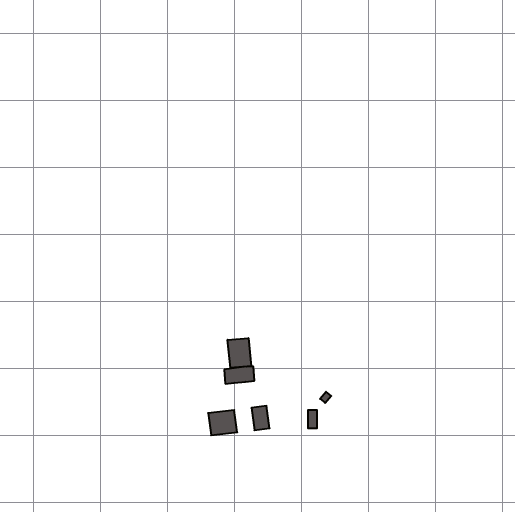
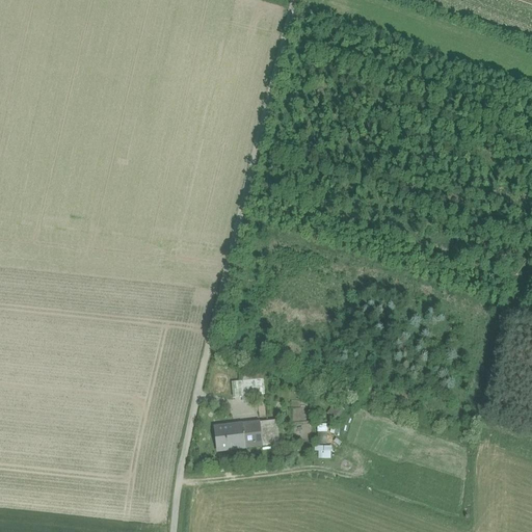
building: [228,338,251,368] -> none
building: none -> [241,420,262,445]

